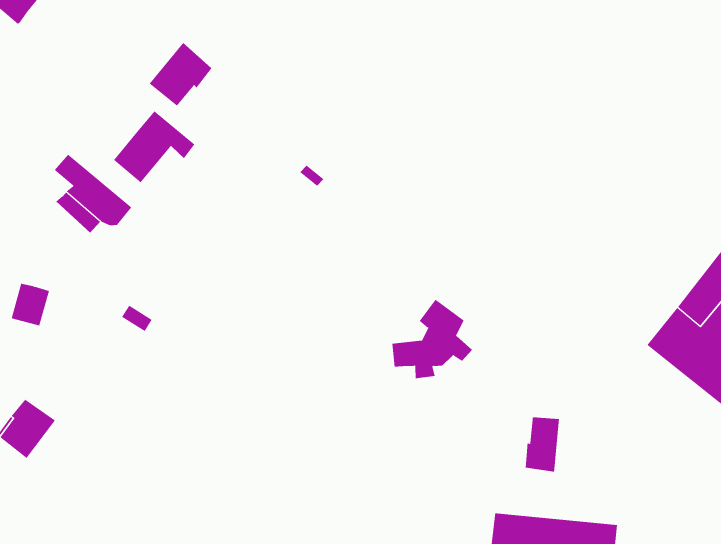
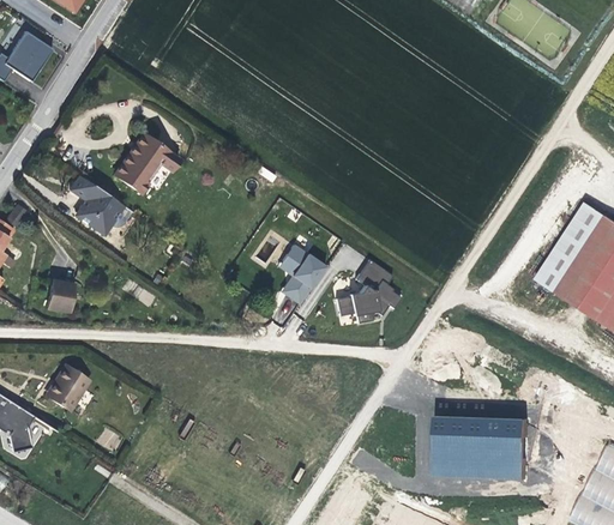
building: [149,42,212,107] -> none
building: none -> [279,243,330,307]
building: [525,416,560,472] -> none

